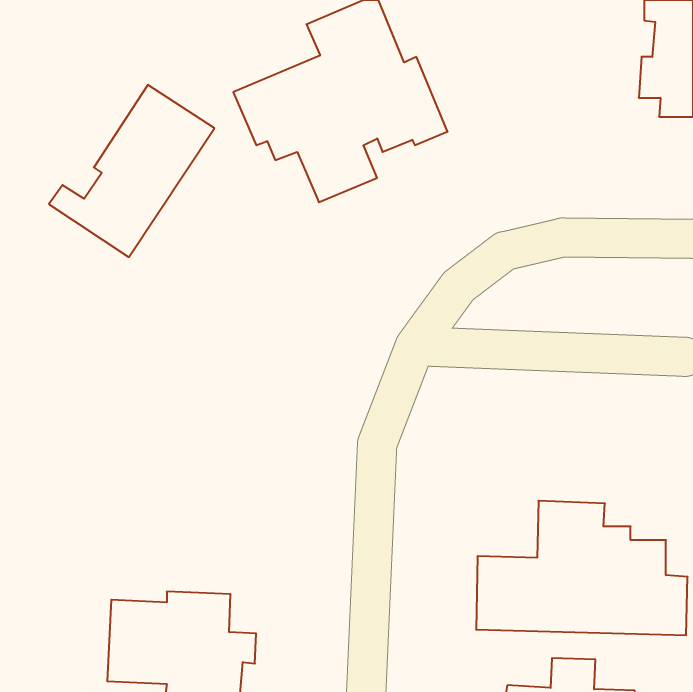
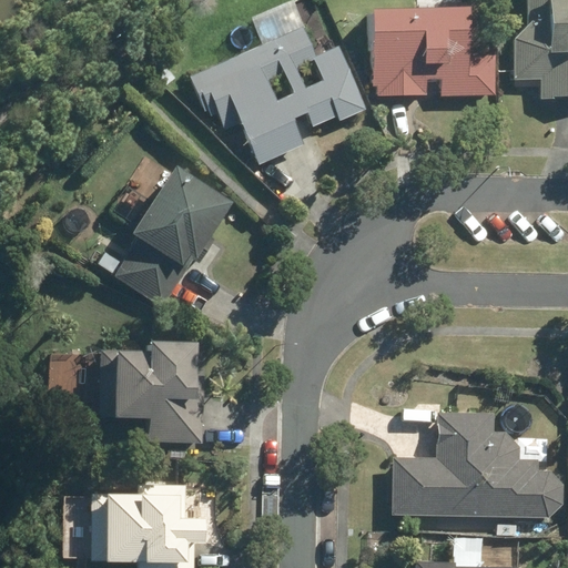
building: none -> [372,6,497,98]
building: [49,85,214,257] -> [97,168,232,308]
building: none -> [97,338,205,445]

